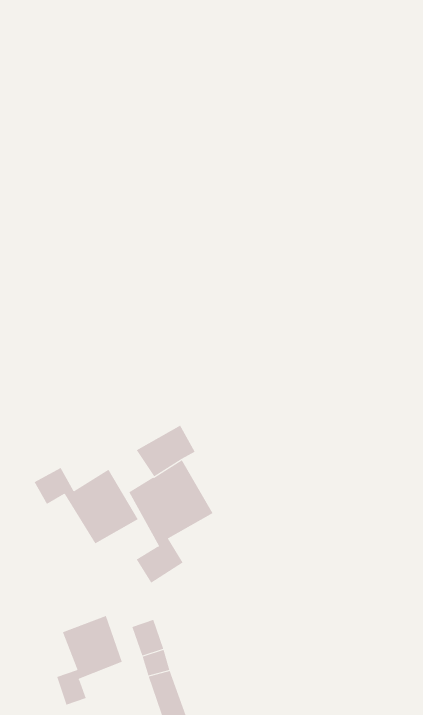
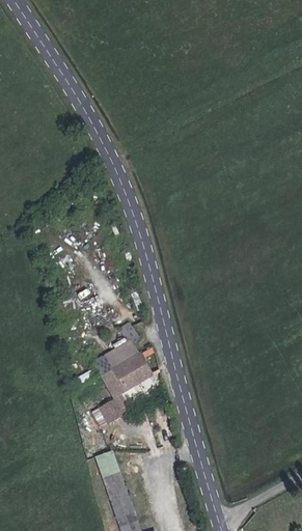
building: [34,467,139,544] -> none
building: [57,615,123,705] -> none

